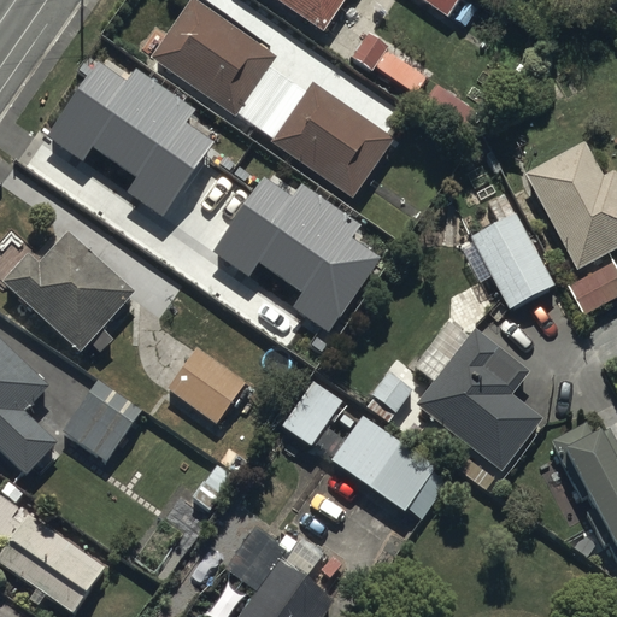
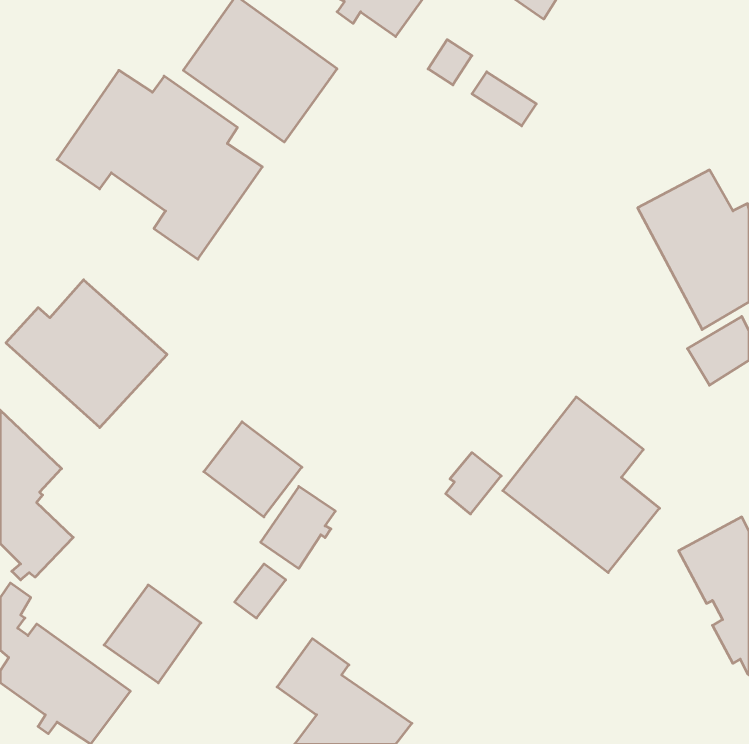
building: [274,80,398,200] -> none
building: [211,174,380,329] -> none
building: [462,212,554,310] -> none
building: [64,380,143,460] -> [104,585,201,683]
building: [283,381,345,448] -> [261,486,335,568]
building: [331,415,446,517] -> none

